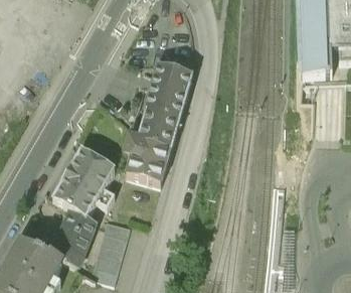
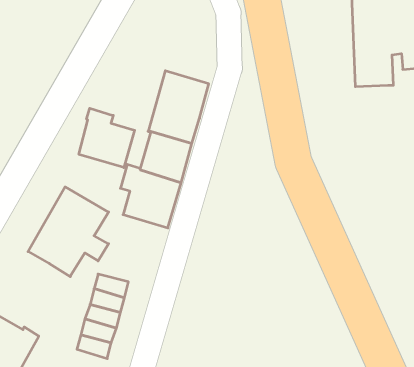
building: none -> [79,108,135,168]
building: [51,208,97,267] -> none

